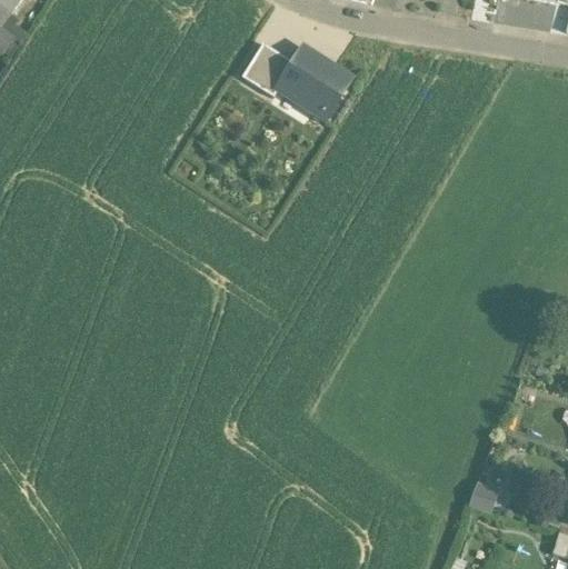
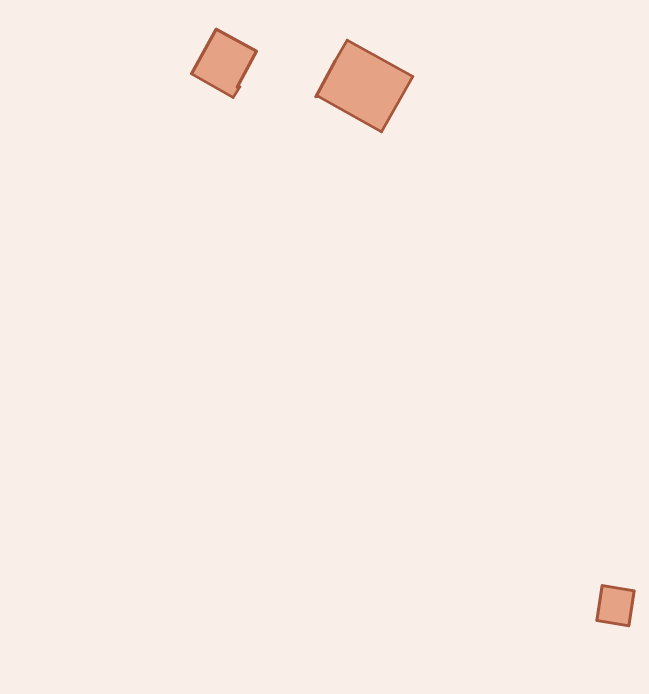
building: [243,43,295,97] -> [191,29,257,97]

